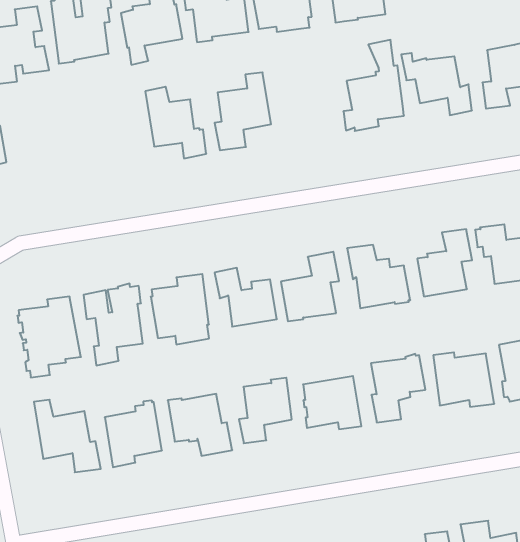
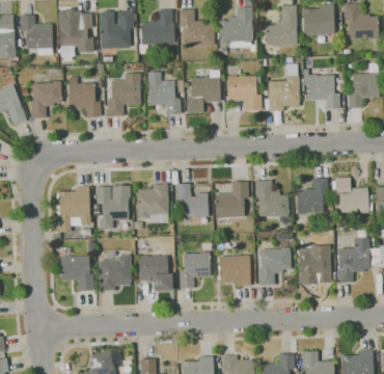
building: none -> [227,75,263,110]
building: none -> [107,73,142,116]
building: none -> [67,77,101,116]

